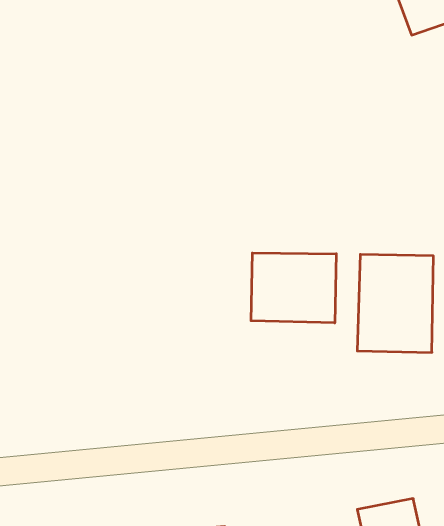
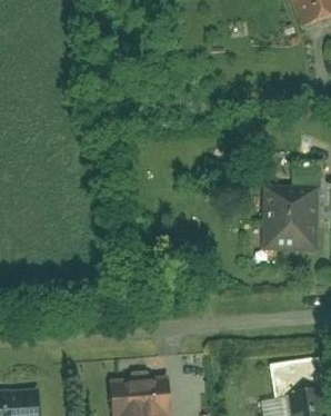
building: [251,253,336,323] -> none

